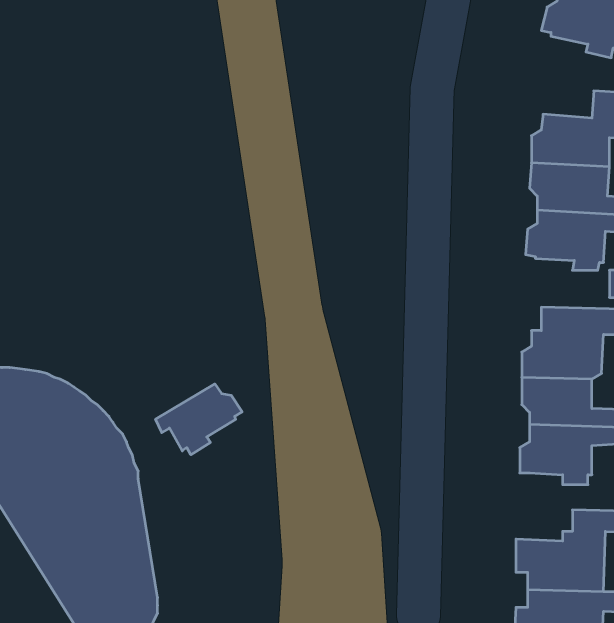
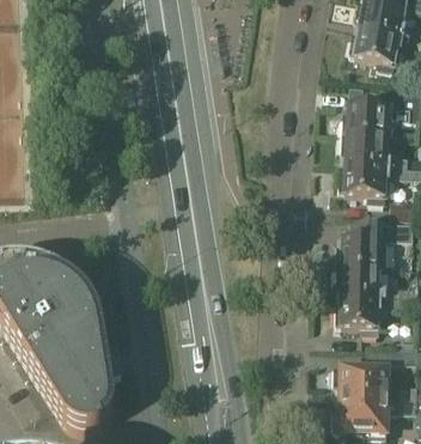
building: [156,384,242,455] -> none

